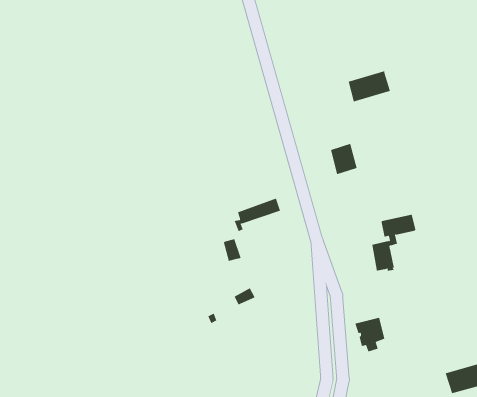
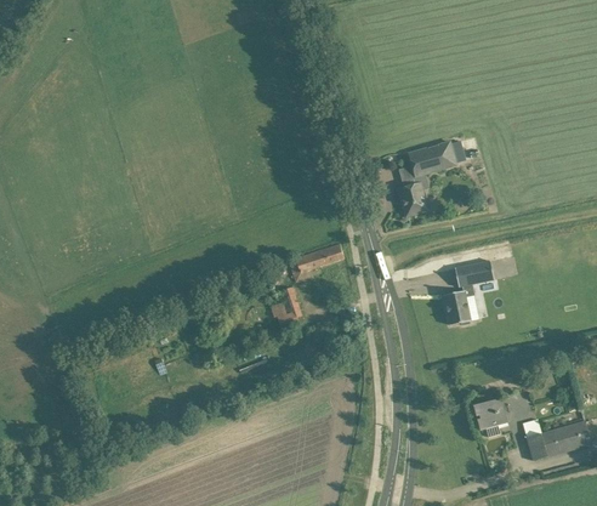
building: [348,71,390,102] -> [409,141,456,176]
building: [355,317,385,352] -> [473,397,507,436]

